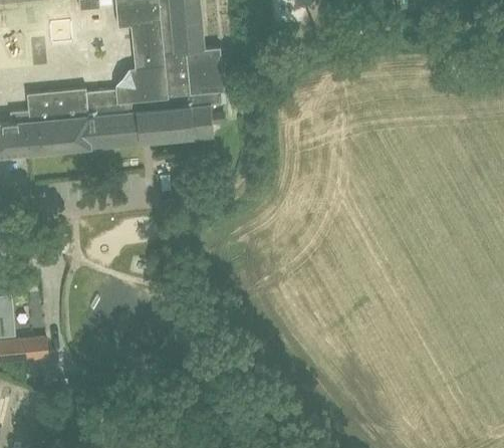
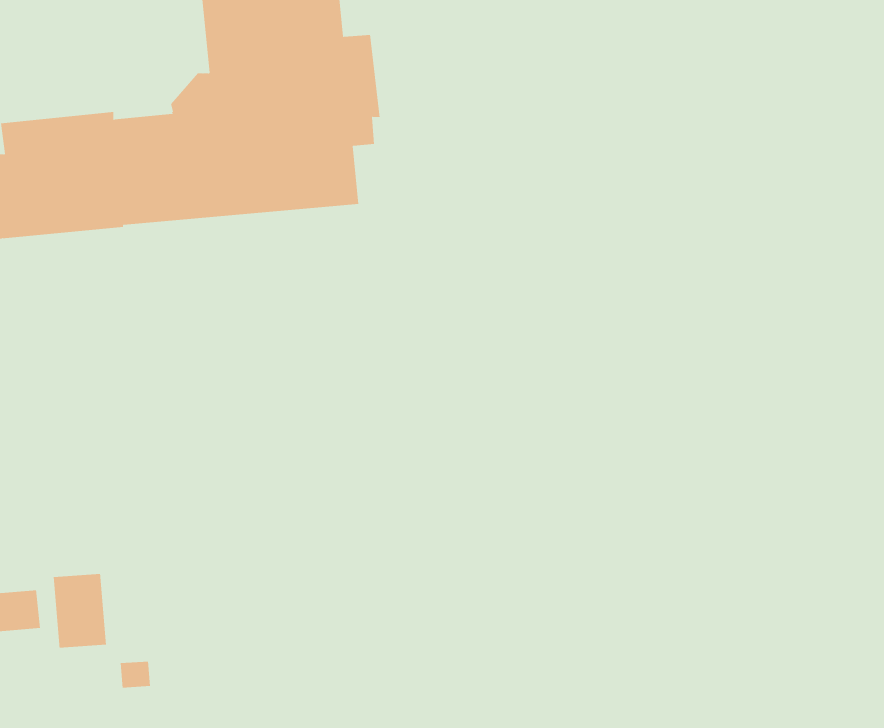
building: none -> [53,573,107,648]

